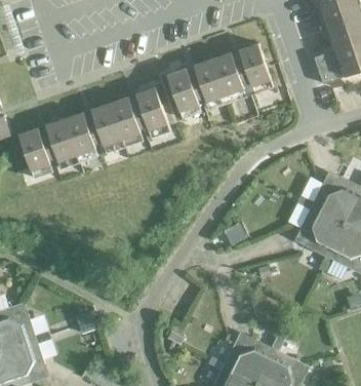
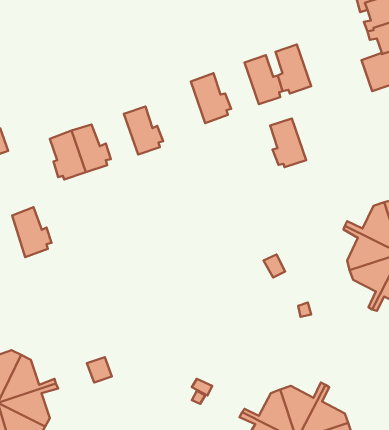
building: [194,60,225,102] -> [270,118,306,167]
building: [135,87,167,129] -> none
building: [90,104,121,145] -> none
building: [18,127,52,170] -> [12,207,51,257]

